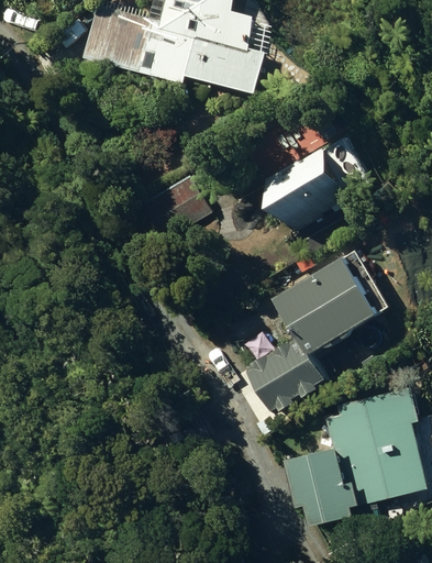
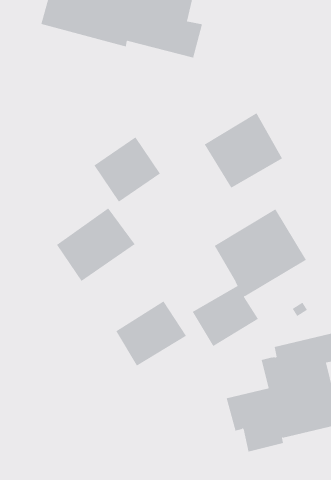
building: none -> [56,208,136,282]
building: none -> [116,301,187,367]

